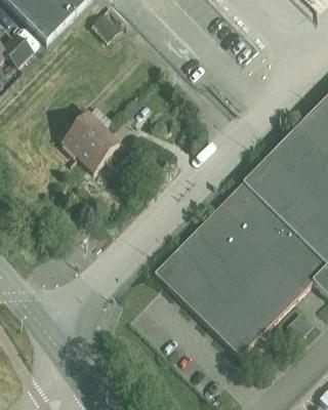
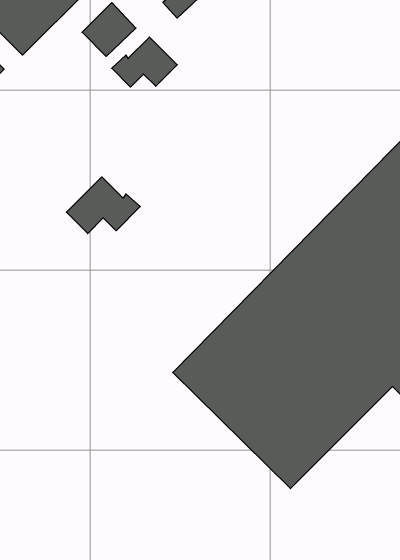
building: none -> [112,37,177,87]
building: [63,101,104,154] -> none

